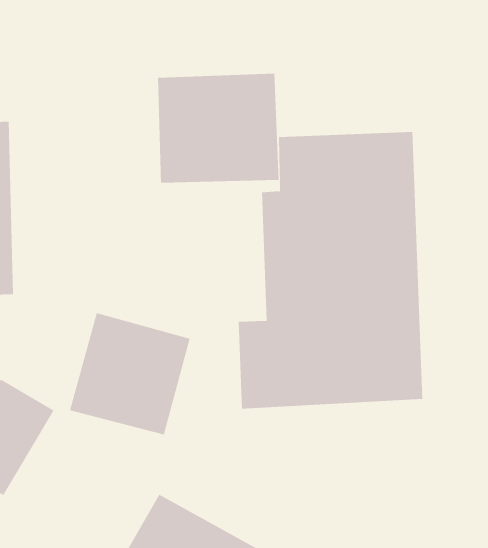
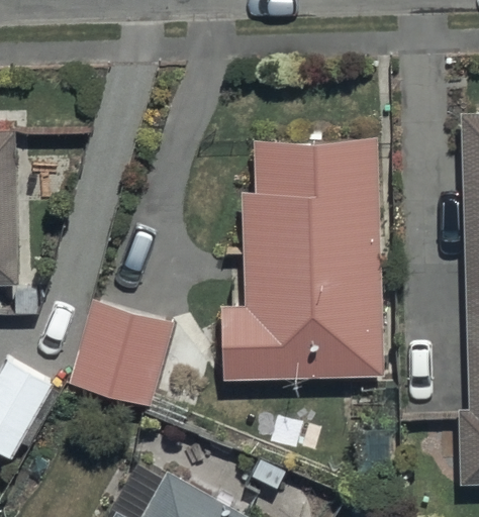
building: [157,73,279,184] -> none

